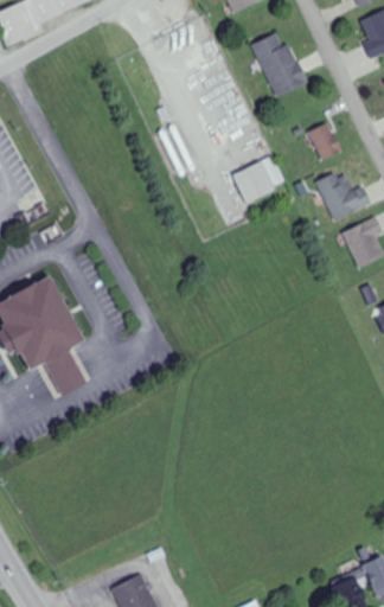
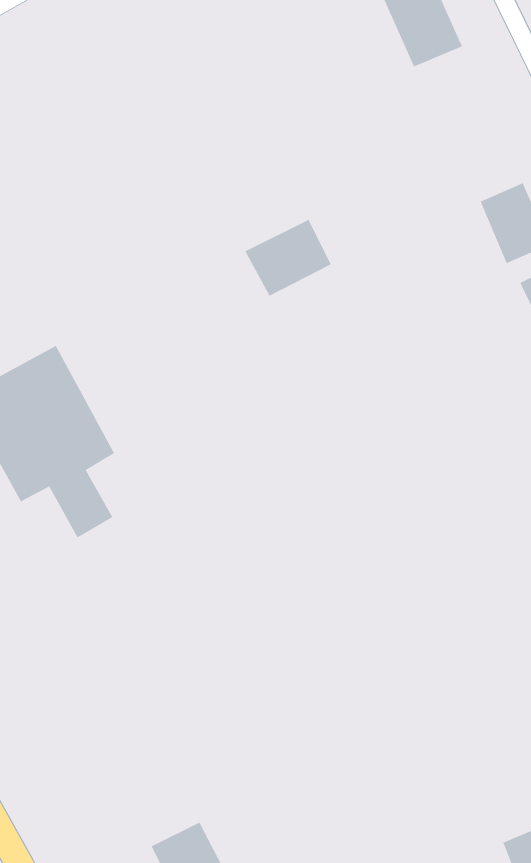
building: [307,121,343,160] -> none
building: [231,153,286,202] -> [245,219,331,297]

